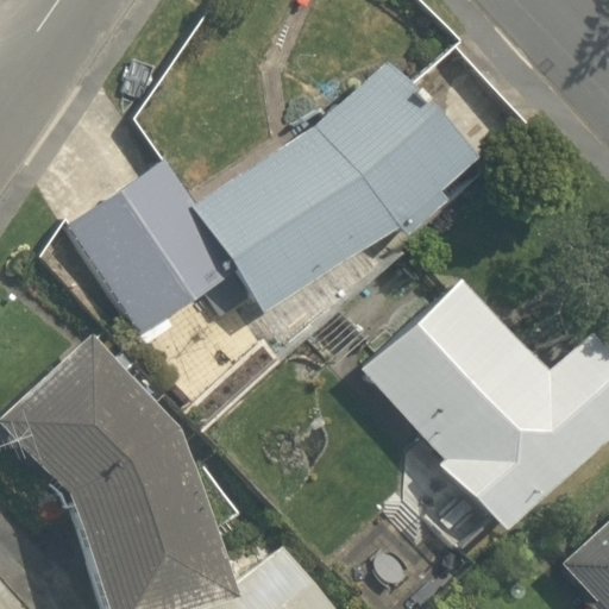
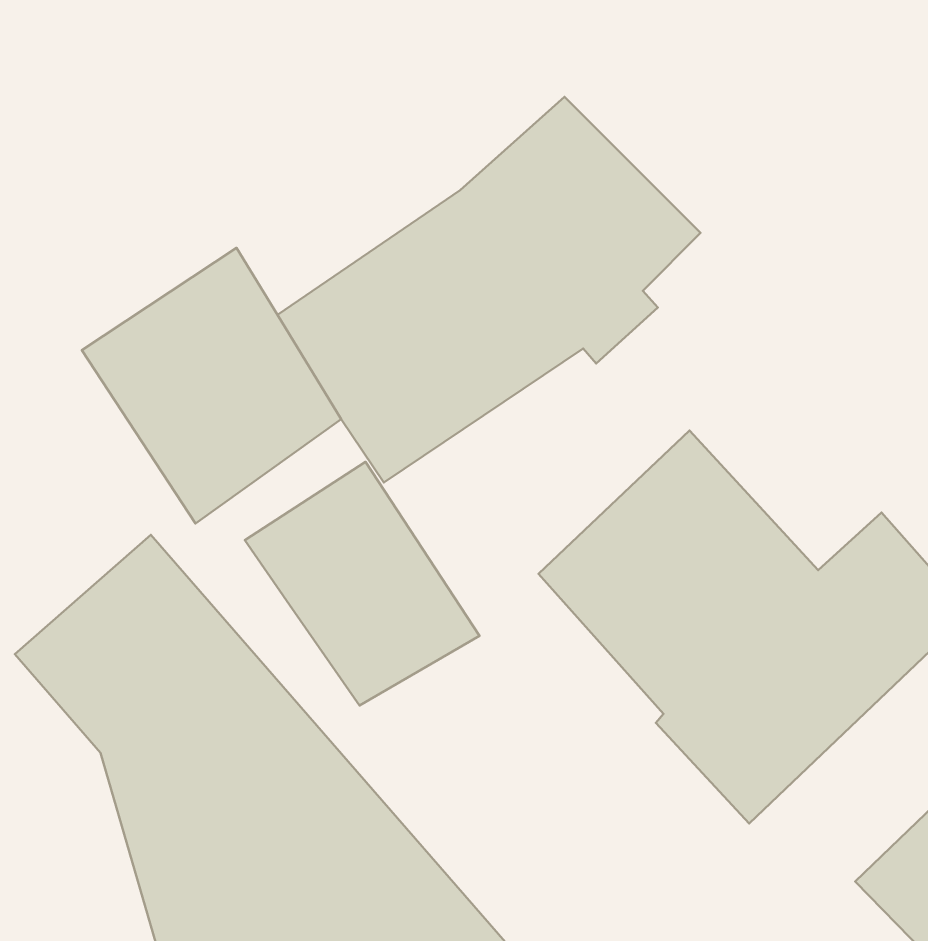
building: none -> [245,462,480,706]

